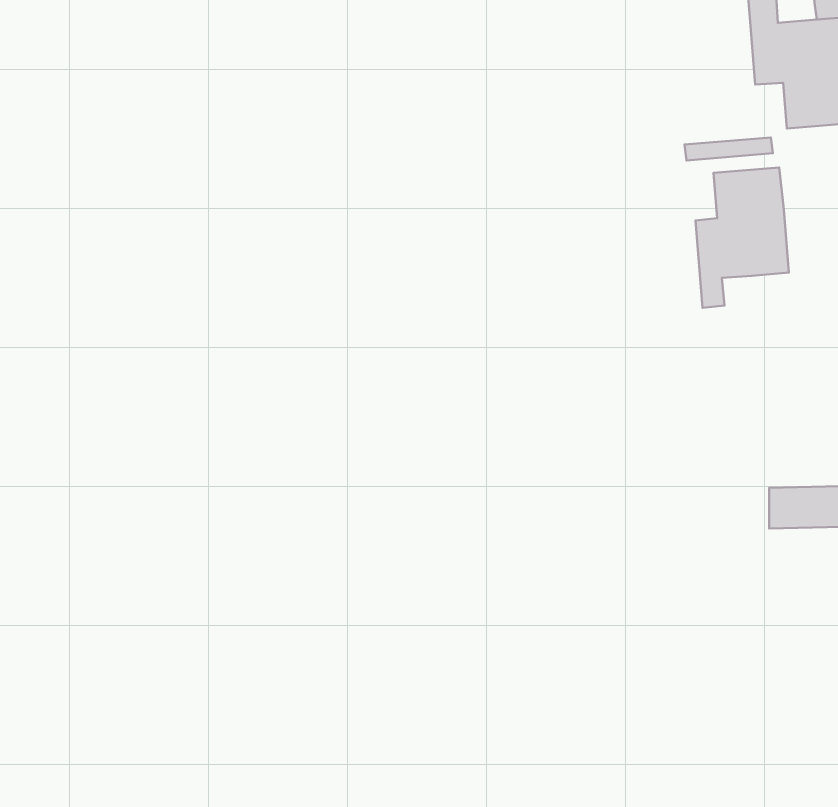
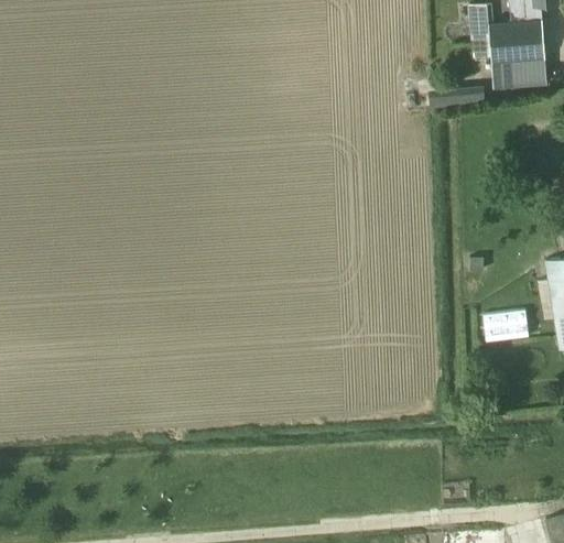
building: [695,168,789,308] -> none

